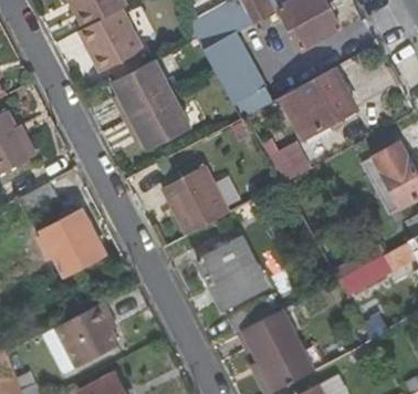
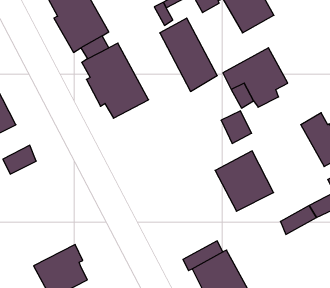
building: [164,163,233,234] -> none
building: [38,211,104,276] -> none
building: [198,237,268,309] -> [215,151,274,211]

